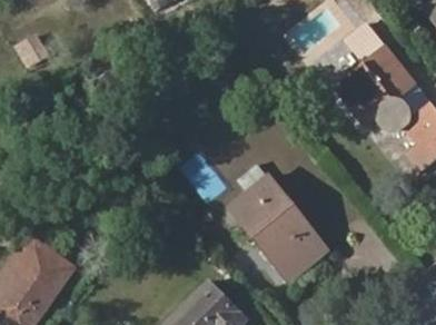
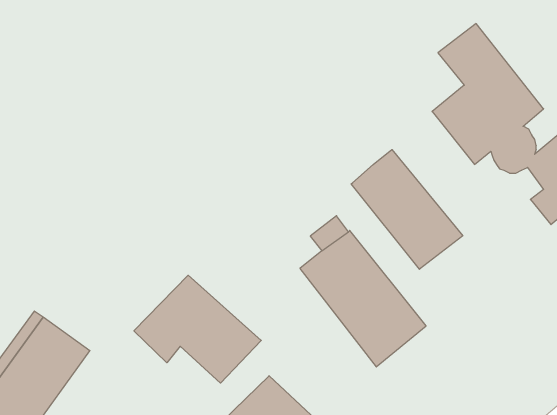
building: none -> [351,150,463,269]
building: none -> [134,275,261,383]

